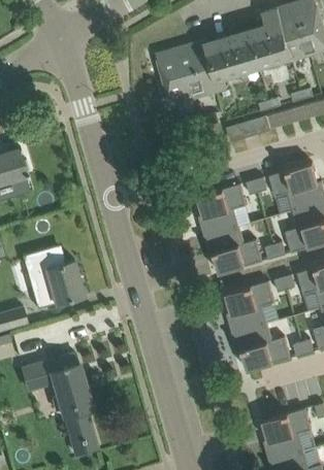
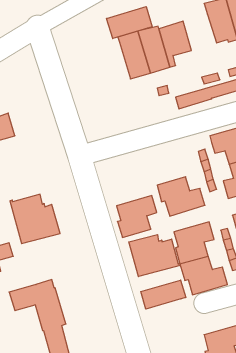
building: none -> [107,7,152,39]
building: [236,26,278,70] -> none
building: [197,184,247,236] -> [117,196,157,237]
building: none -> [129,235,180,277]
building: none -> [141,280,186,309]

